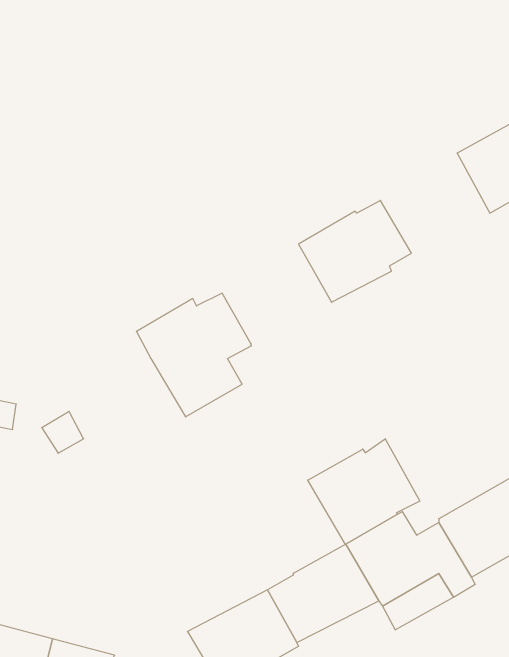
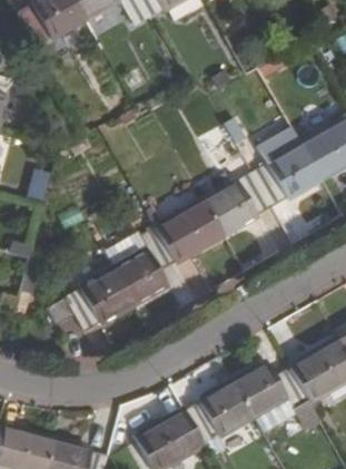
building: none -> [254,126,320,204]
building: none -> [155,198,224,262]
building: none -> [66,268,135,330]
building: [308,439,420,545] -> none

